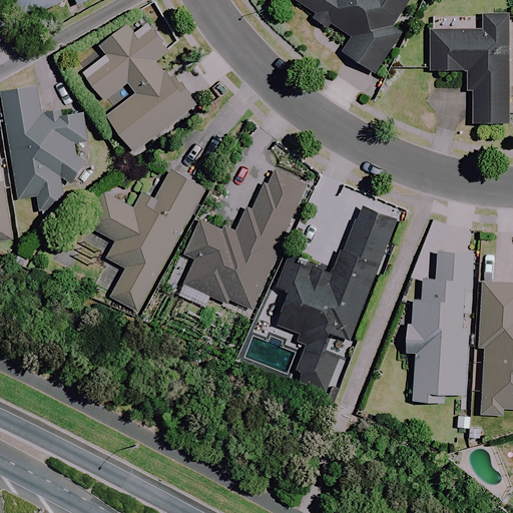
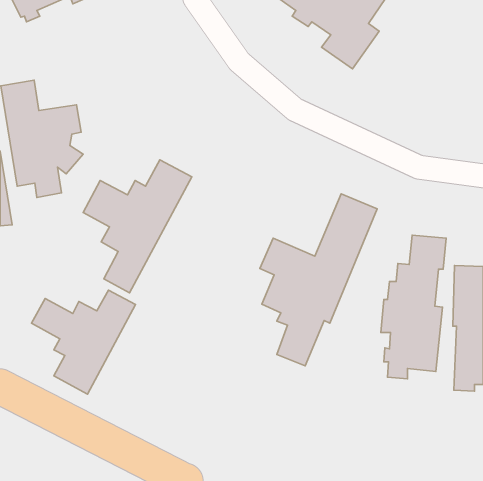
building: [430,13,507,123] -> none
building: [83,22,196,151] -> none
building: [183,168,307,310] -> none
building: none -> [32,290,136,394]

